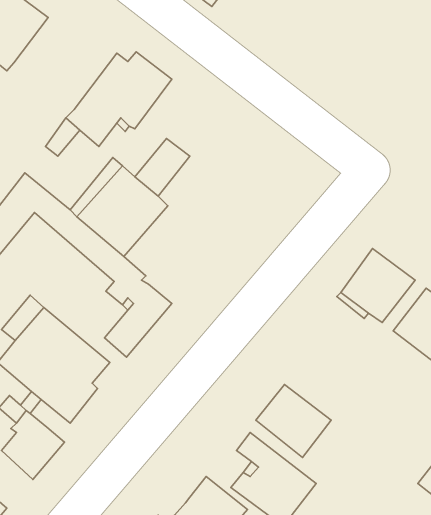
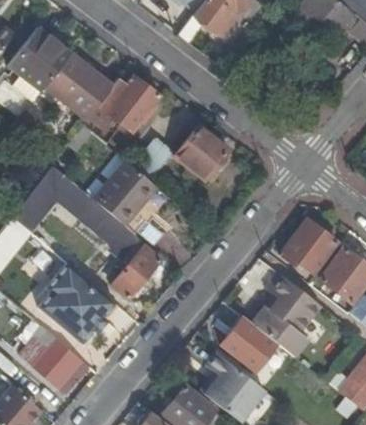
building: none -> [45,52,114,119]
building: none -> [175,126,228,180]
building: none -> [254,273,320,356]

